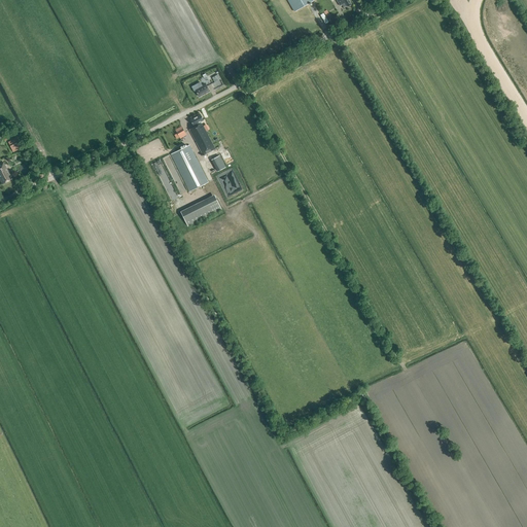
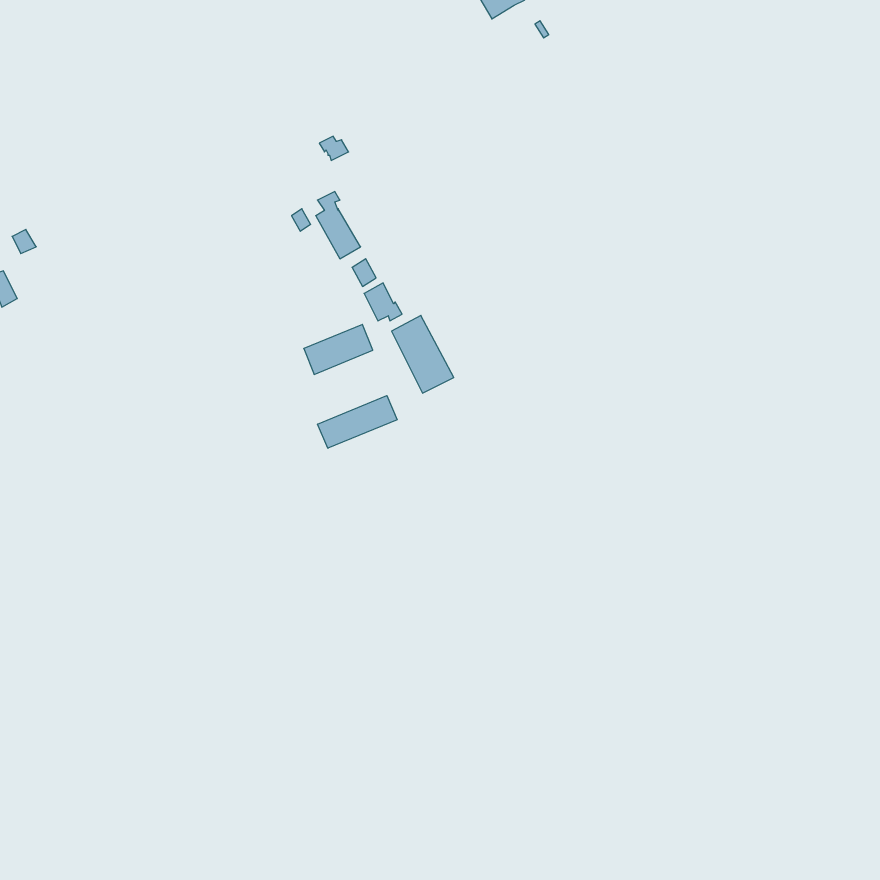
building: [171,144,208,190] -> [392,315,454,393]
building: none -> [318,396,397,448]

